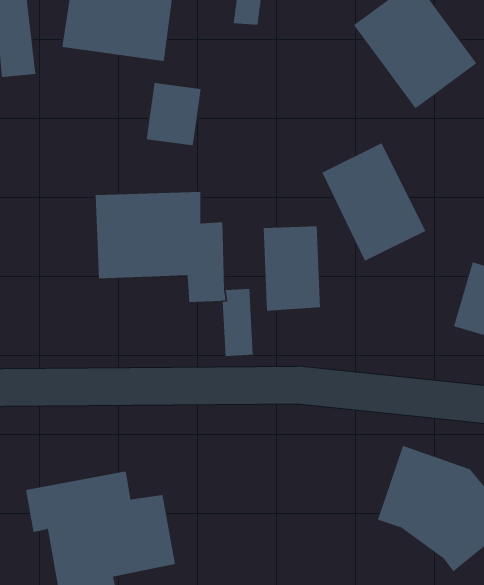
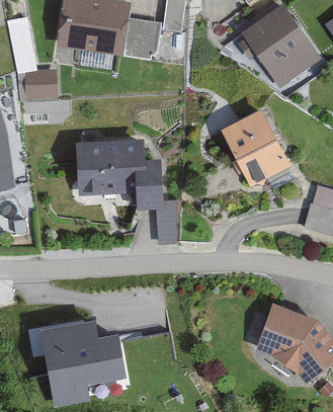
building: [146,82,201,146] -> [124,22,160,63]
building: none -> [26,72,58,99]
building: [263,225,321,312] -> none

